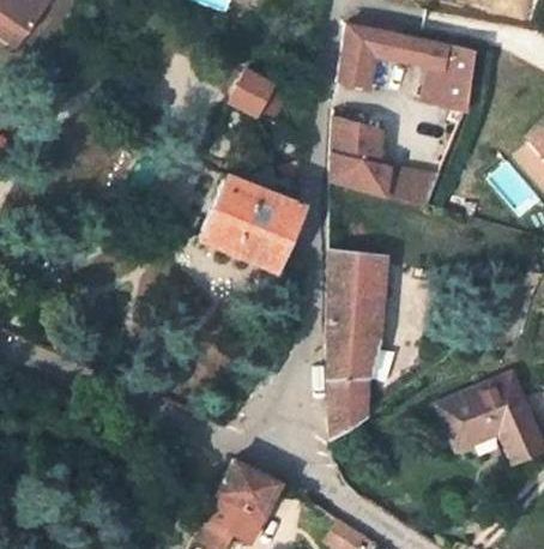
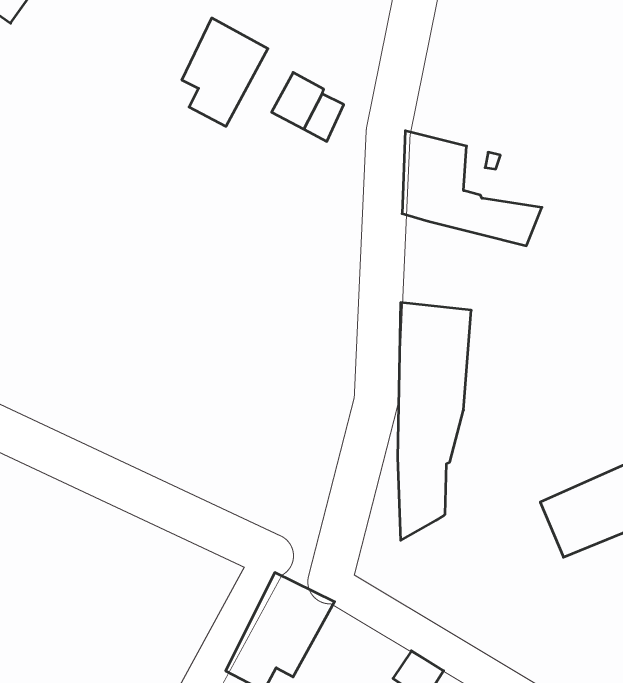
building: [337,24,475,113] -> none
building: none -> [182,18,268,126]
building: [200,175,298,269] -> none

